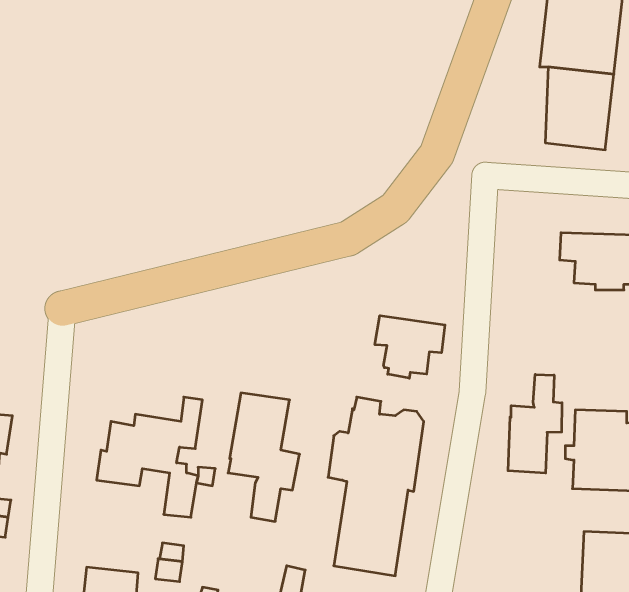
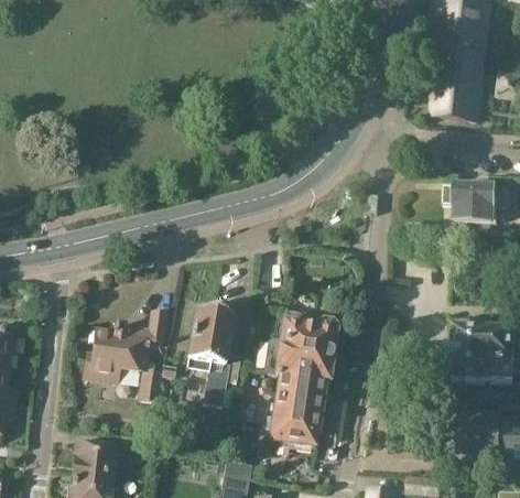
building: [375,316,445,378] -> none
building: [508,374,562,473] -> none

